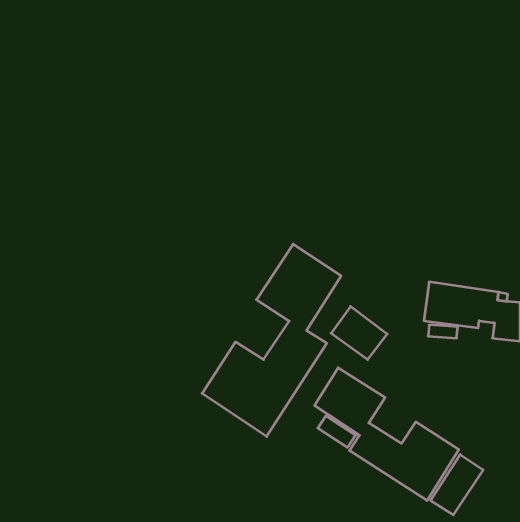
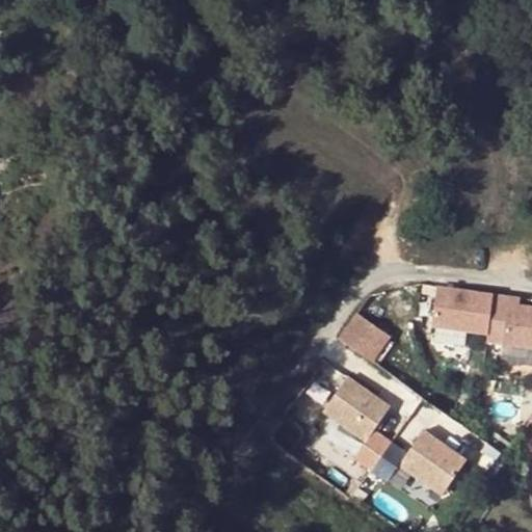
building: [202,244,341,437] -> none
building: [431,454,483,515] -> none

